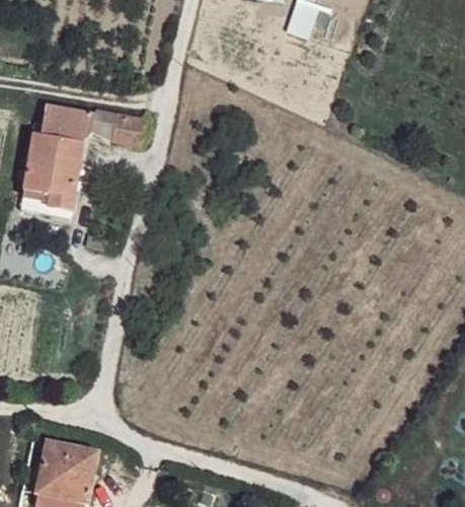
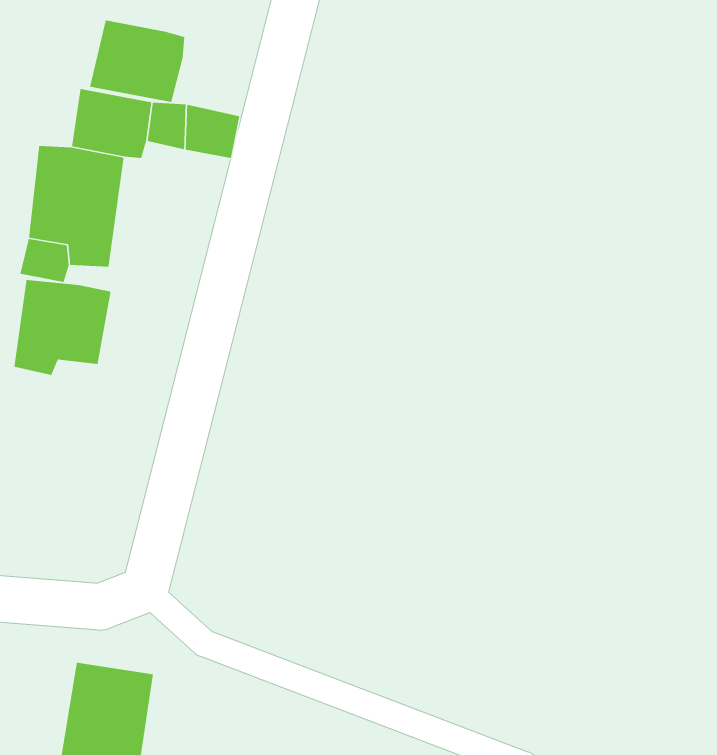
building: none -> [89,20,185,103]
building: none -> [14,279,111,376]

